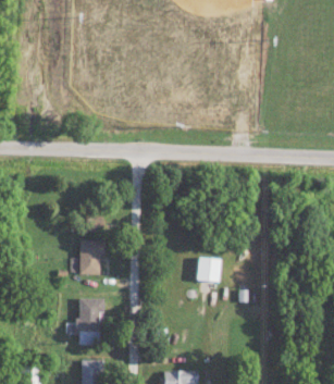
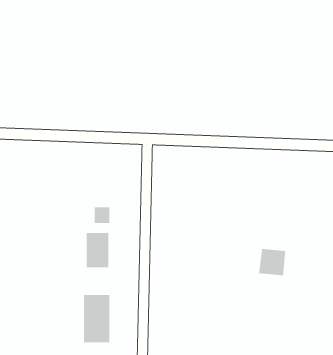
building: [196,257,222,283] -> [258,248,286,276]

